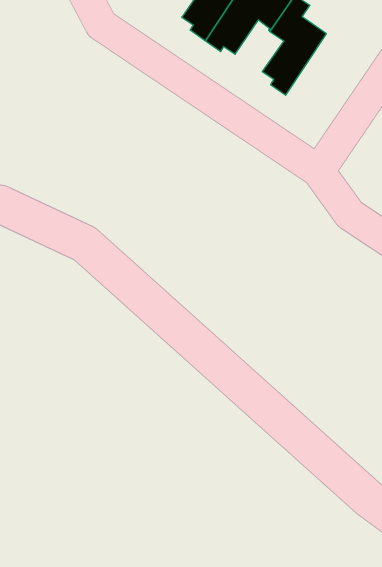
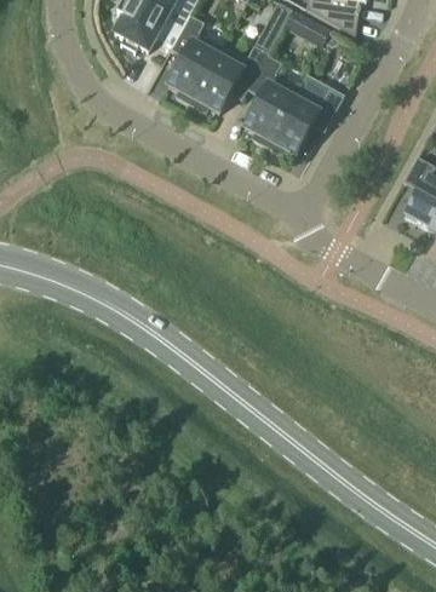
building: none -> [266,85,343,151]

